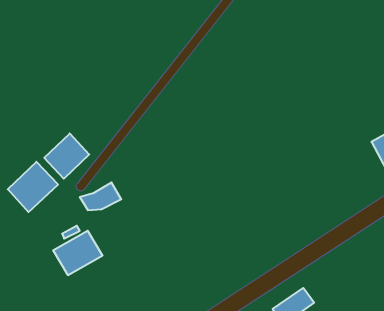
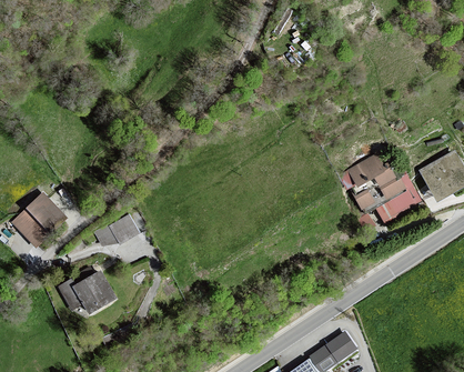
building: none -> [340,154,418,219]
building: [44,133,89,179] -> none

